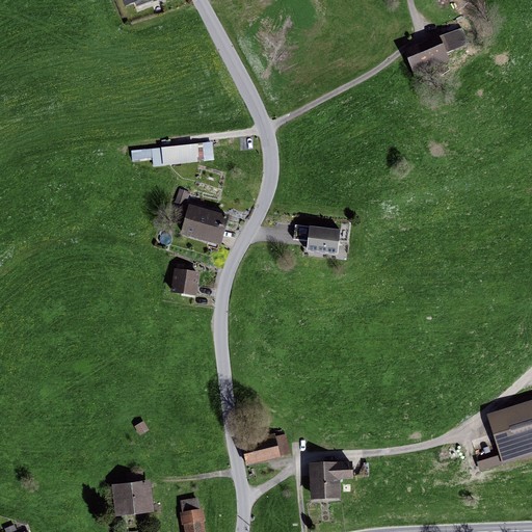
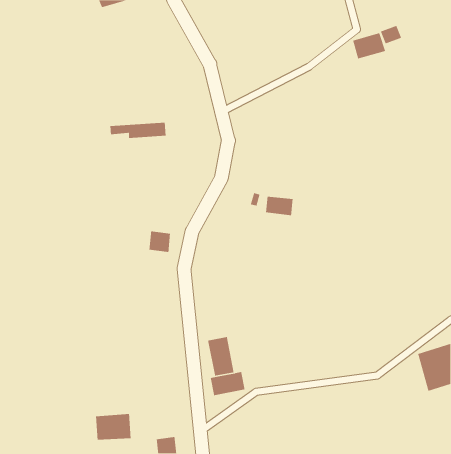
building: [183,208,229,243] -> none
building: none -> [207,336,234,376]
building: [312,463,354,500] -> none

